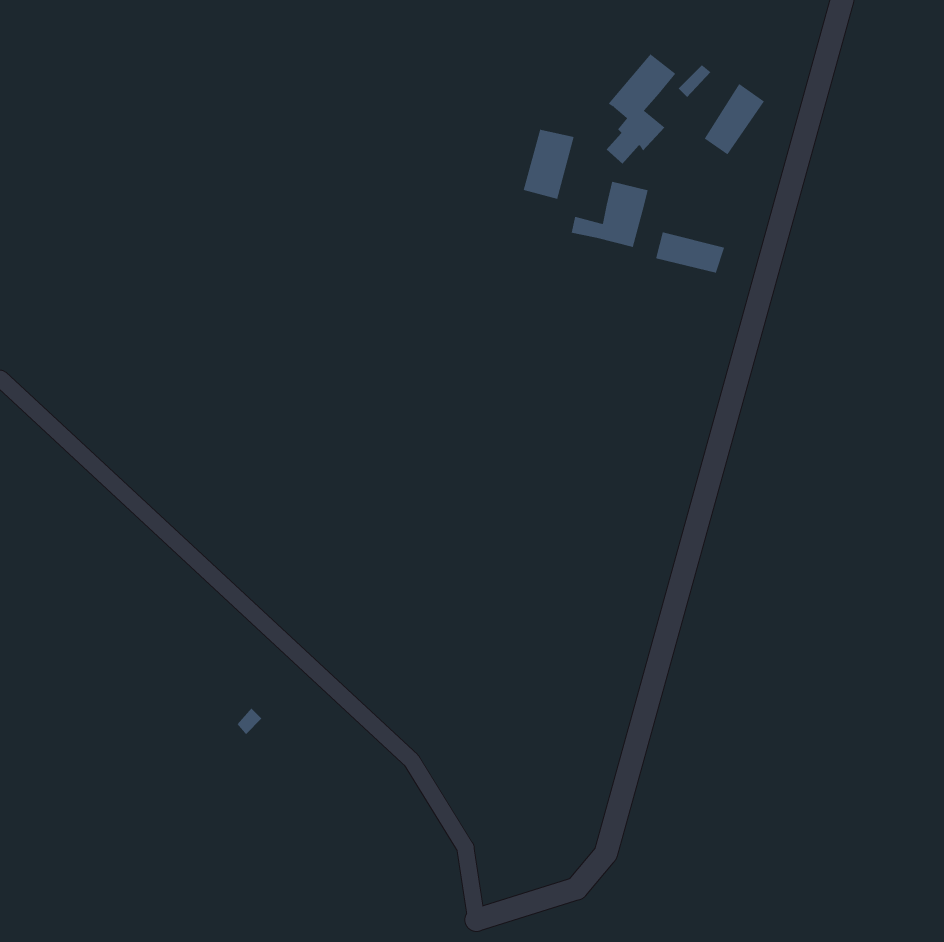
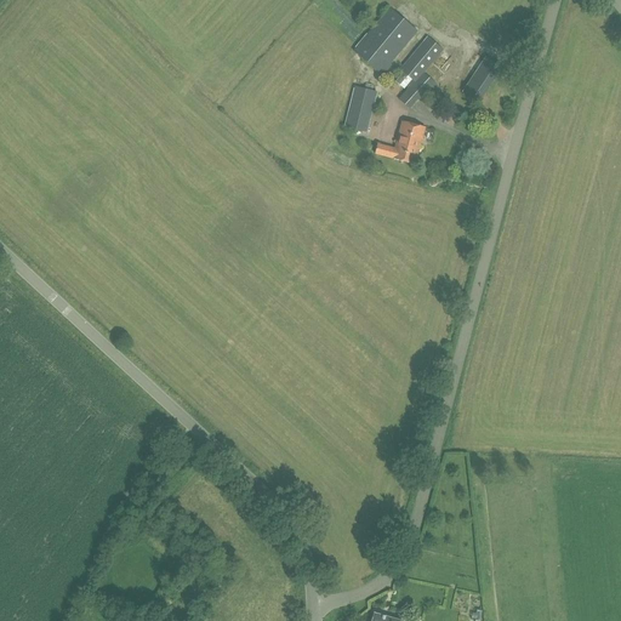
building: none -> [353,6,418,73]
building: [656,232,725,273] -> none

